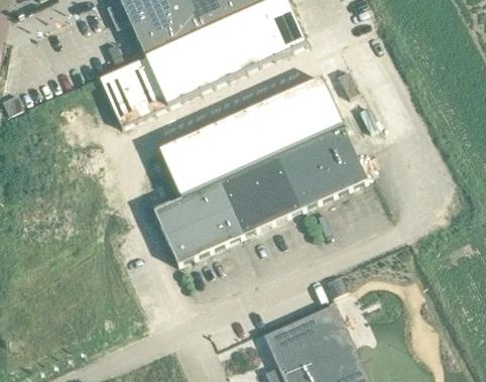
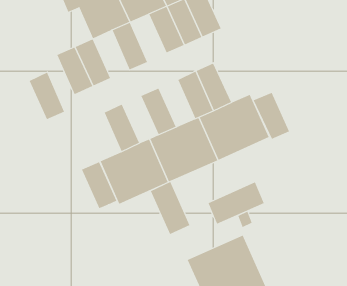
building: [192,24,237,85] -> none
building: [145,44,191,105] -> [29,72,65,120]
building: [296,76,343,135] -> [253,92,290,139]
building: [228,107,273,166] -> none
building: [181,127,227,186] -> [81,162,117,209]
building: none -> [150,181,190,235]
building: none -> [208,182,264,225]

